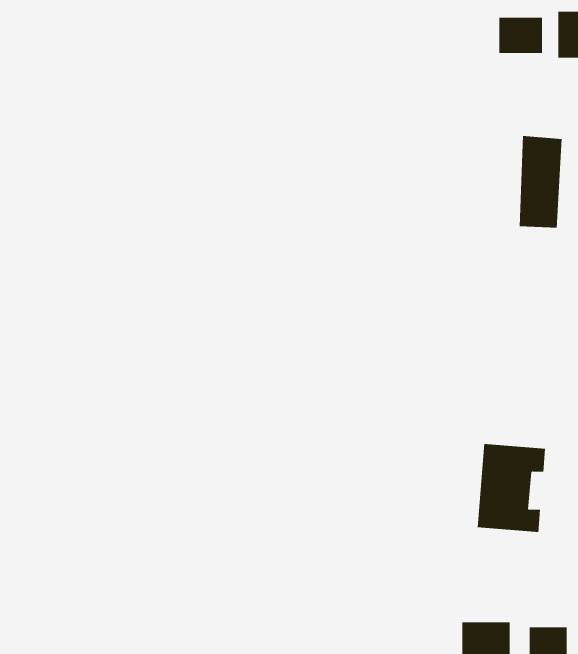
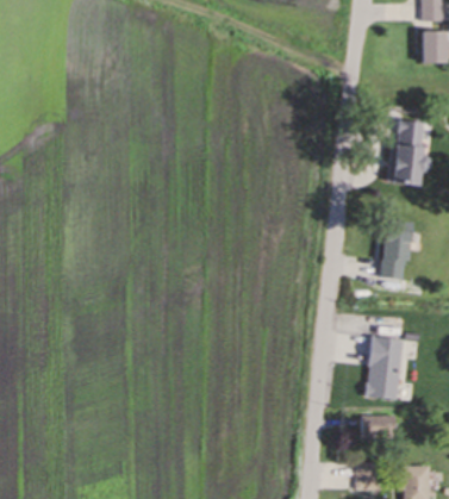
building: [499,17,542,54] -> none
building: none -> [380,225,413,281]
building: none -> [361,416,399,439]

